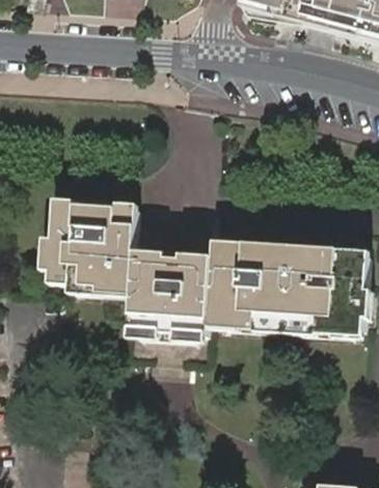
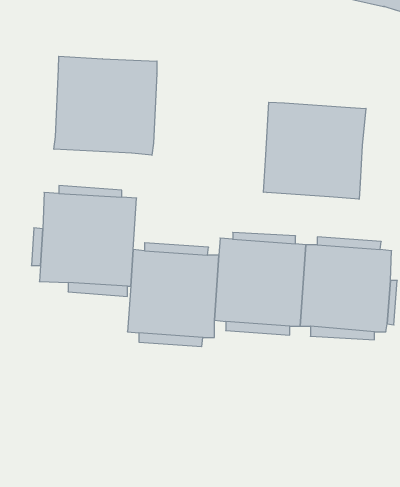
building: none -> [54,56,157,155]
building: none -> [263,102,366,199]

